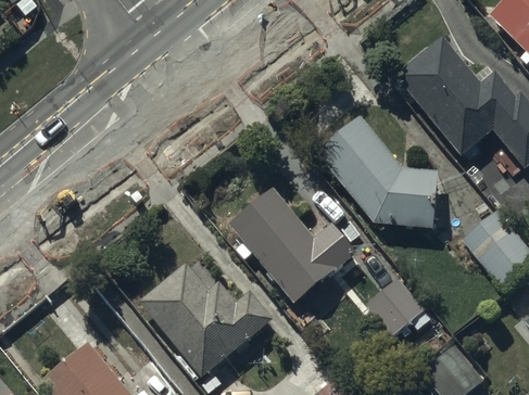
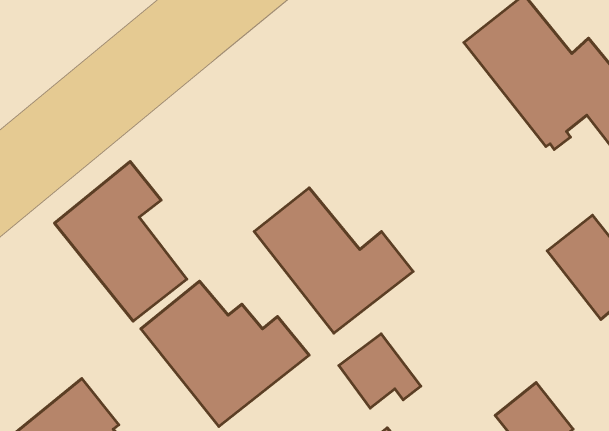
building: [315,117,437,229] -> none
building: none -> [54,161,187,321]
building: [366,278,431,336] -> [339,334,421,408]

